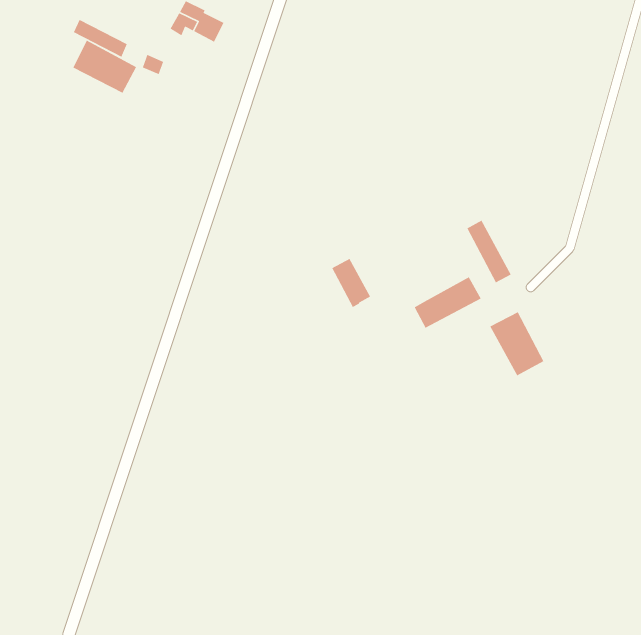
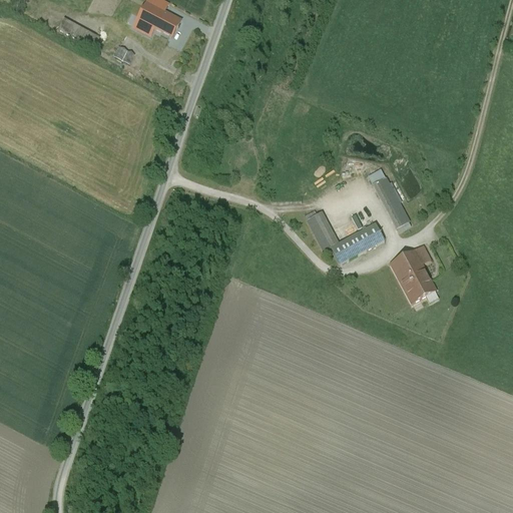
building: [72,40,137,94] -> none
building: [331,258,371,308] -> [307,209,339,249]

